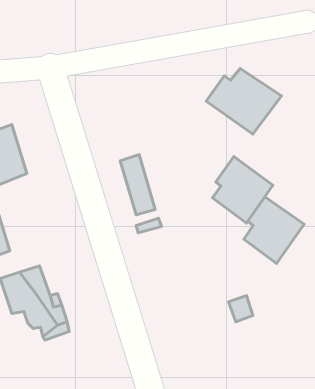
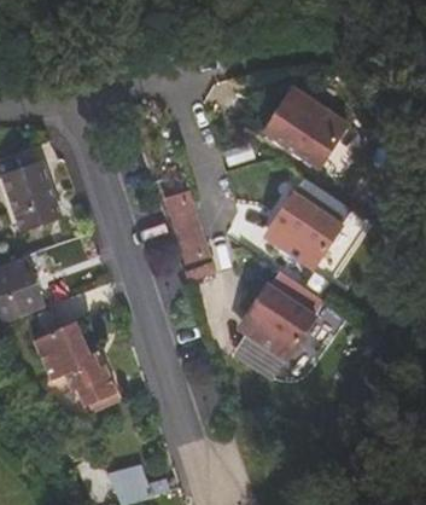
building: [244,197,304,264] -> [244,284,313,360]

